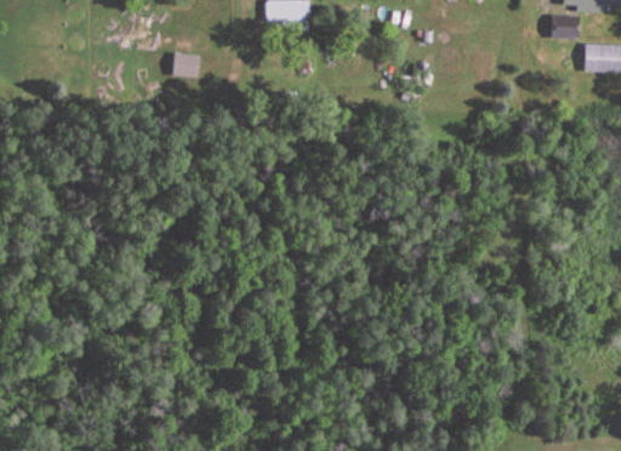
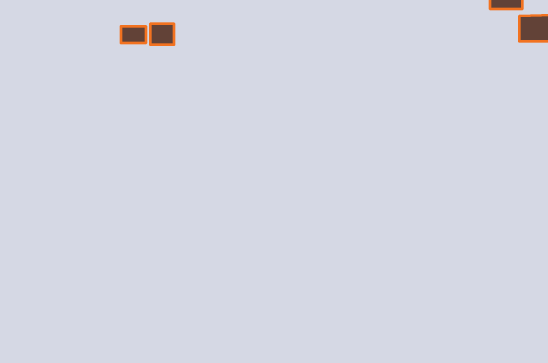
building: none -> [121,26,146,43]

